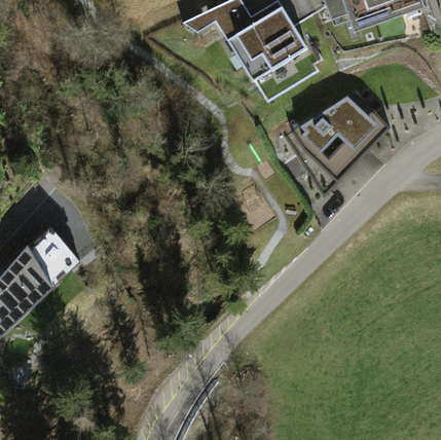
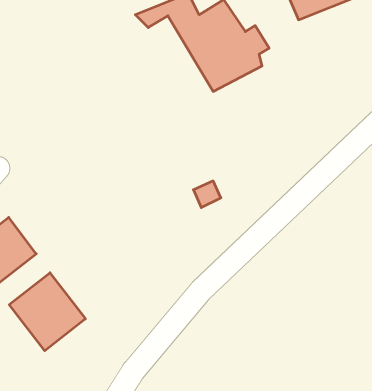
building: [280,87,389,190] -> none
building: none -> [9,273,85,351]

